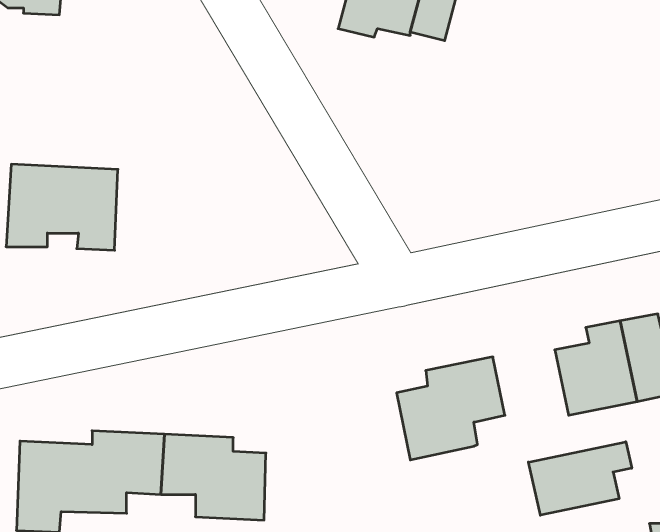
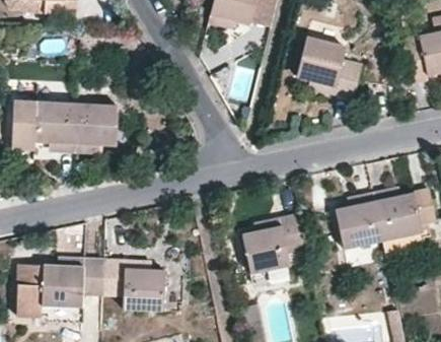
building: none -> [298,38,363,99]
building: none -> [76,102,118,152]
building: [528,442,632,515] -> none

